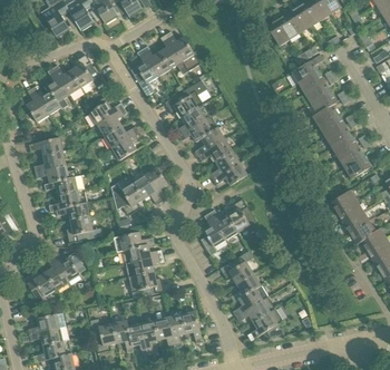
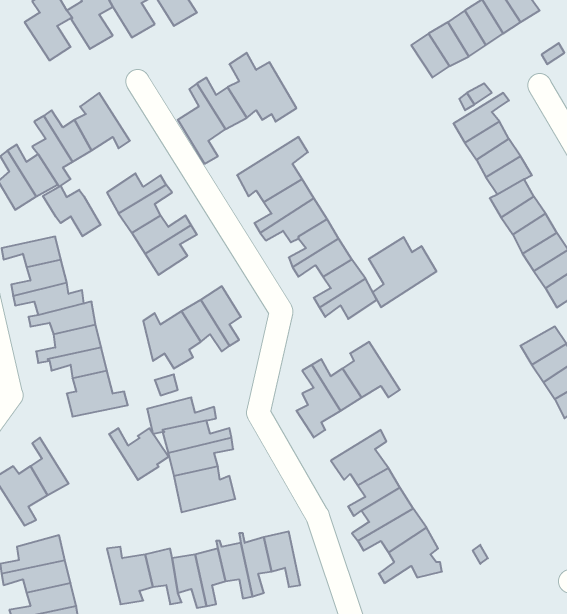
building: none -> [43,186,101,236]
building: none -> [369,237,436,307]
building: [50,252,85,282] -> [109,428,168,480]

